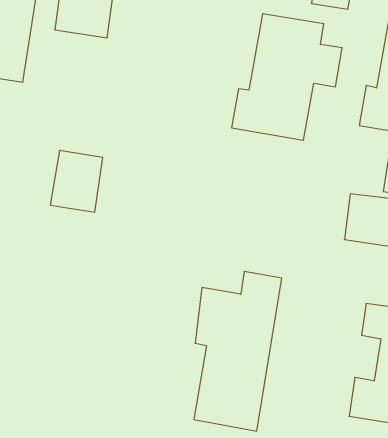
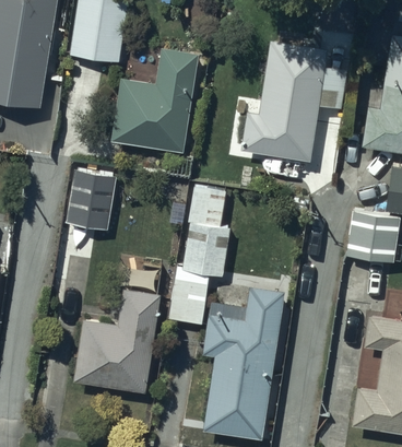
building: none -> [111,56,197,160]
building: none -> [168,185,232,325]
building: none -> [73,290,158,392]

